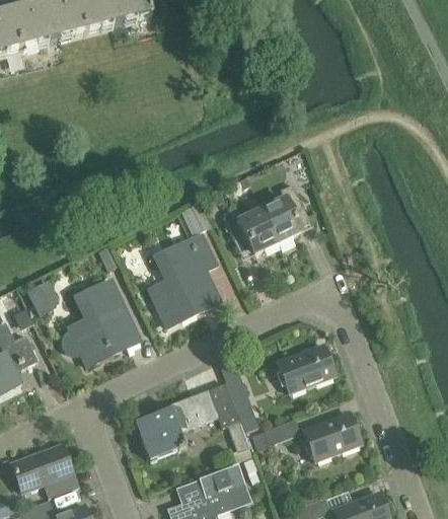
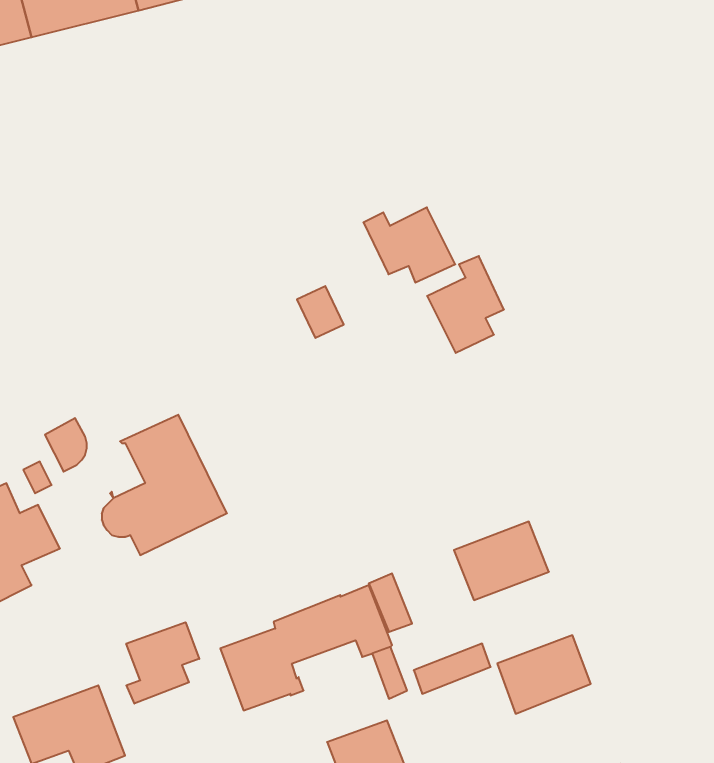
building: [222,208,278,253] -> [363,207,455,283]
building: [148,233,219,326] -> none
building: none -> [126,622,199,704]

